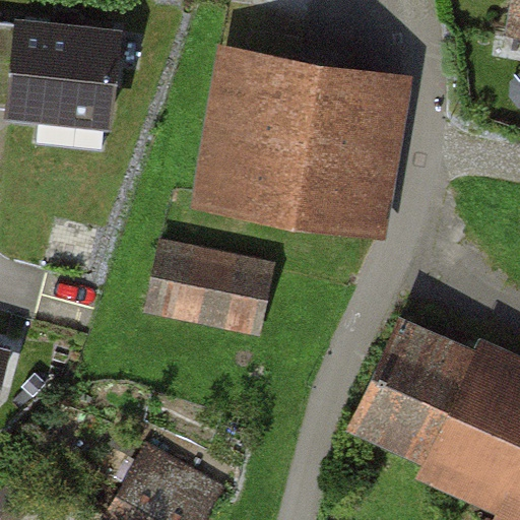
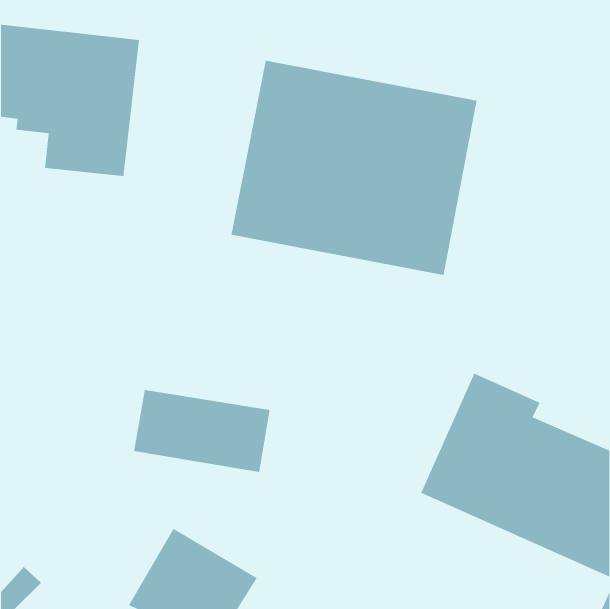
building: [157,255,274,326] -> [133,389,271,473]

